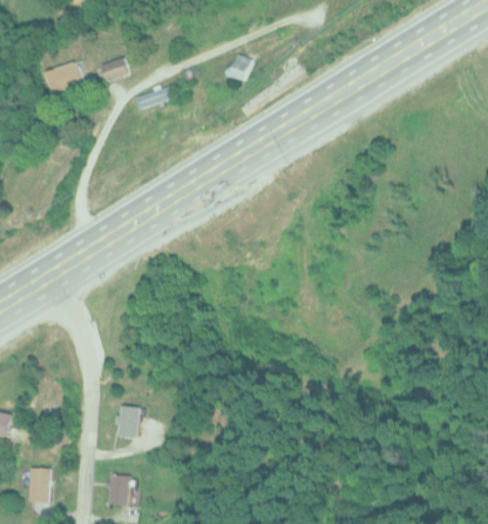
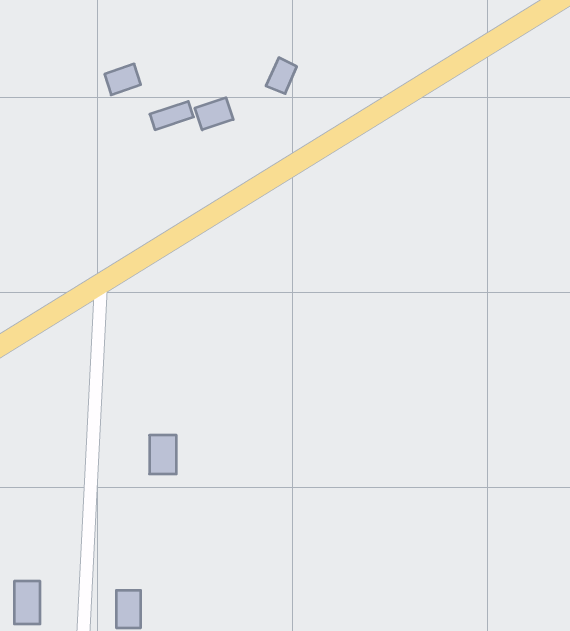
building: [44,61,84,94] -> none
building: none -> [195,98,233,130]
building: [118,406,139,437] -> [149,435,176,474]

